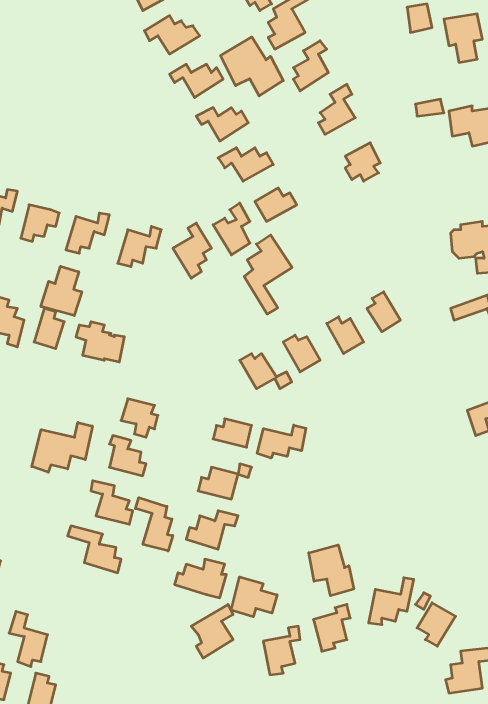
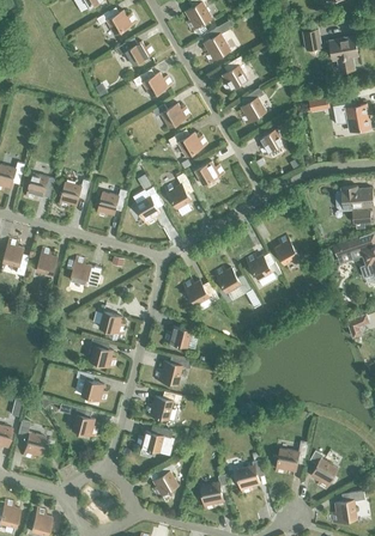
building: [221,37,283,96] -> none
building: [244,235,292,314] -> none
building: [41,266,82,316] -> none
building: [32,422,92,472] -> none
building: [257,425,306,458] -> none
building: [135,498,173,551] -> none
building: [309,545,354,596] -> none
building: [231,577,277,617] -> none
building: [9,611,48,667] -> [17,420,44,459]

